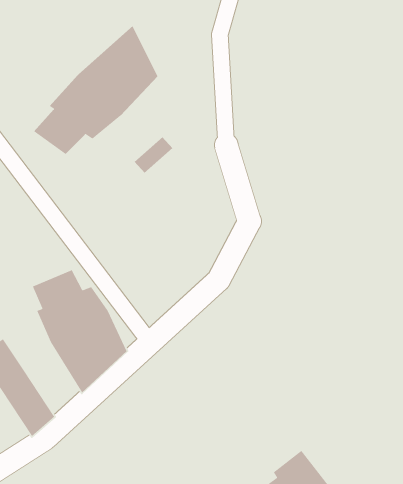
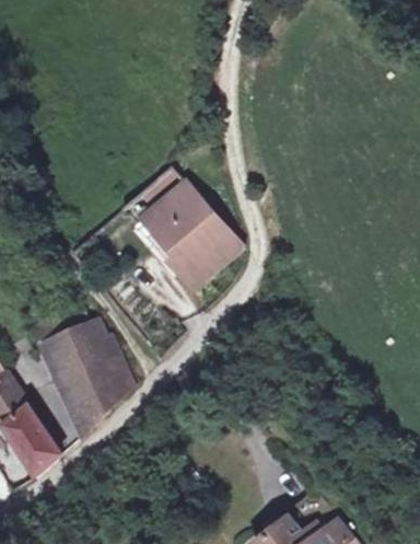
building: [33,25,159,155] -> none
building: none -> [136,184,243,294]

